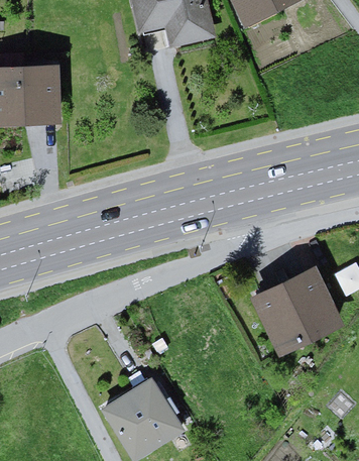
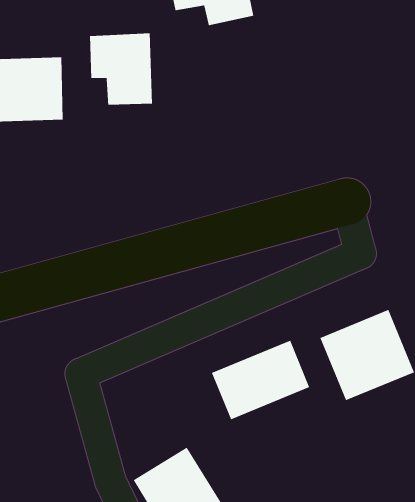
building: none -> [90,33,153,106]
building: none -> [211,340,310,420]

